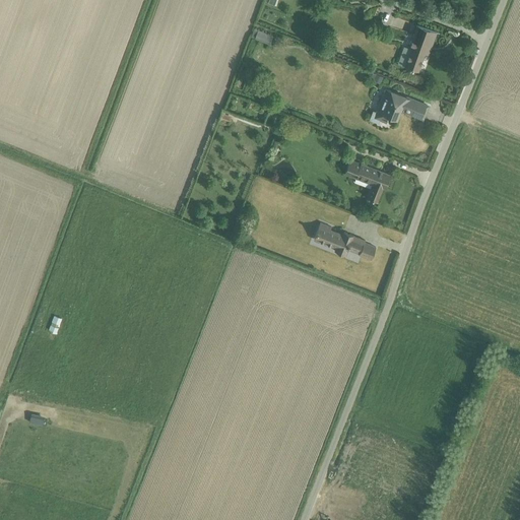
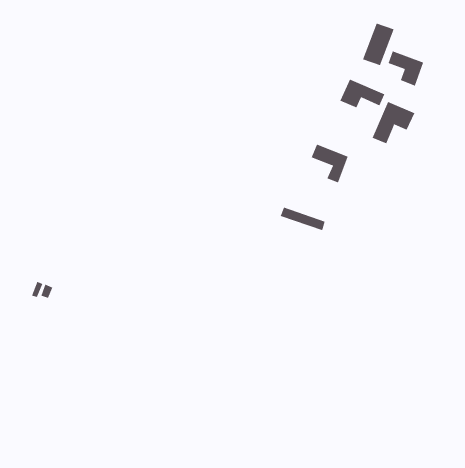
building: none -> [388,50,424,86]
building: none -> [372,101,415,144]

